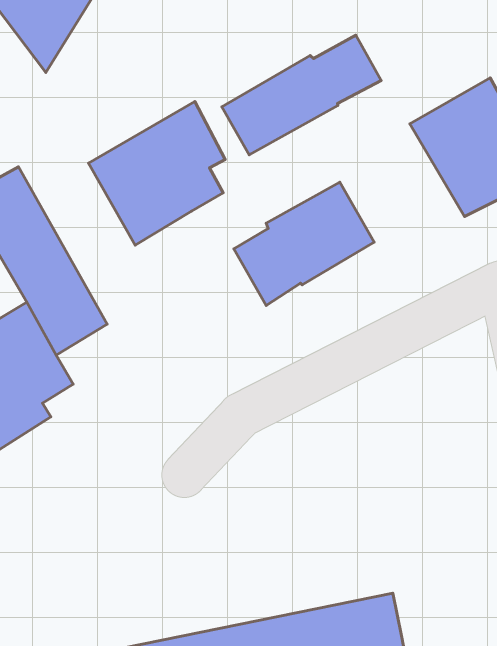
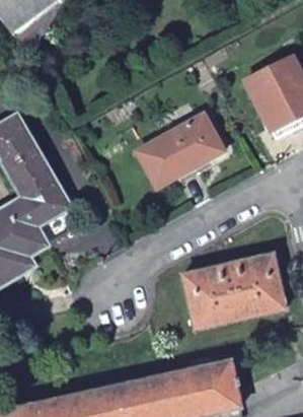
building: [222,35,381,155] -> none
building: [89,101,225,245] -> none
building: none -> [187,257,291,327]

